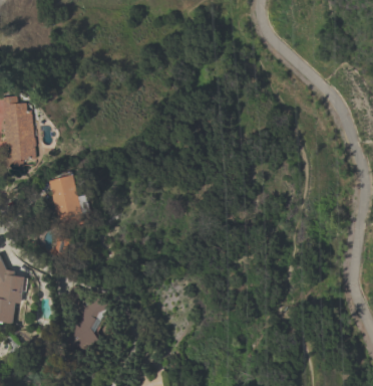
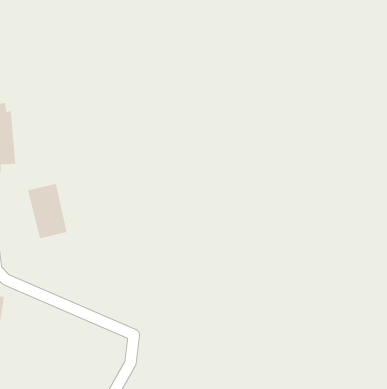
building: [65,297,109,353] -> none

